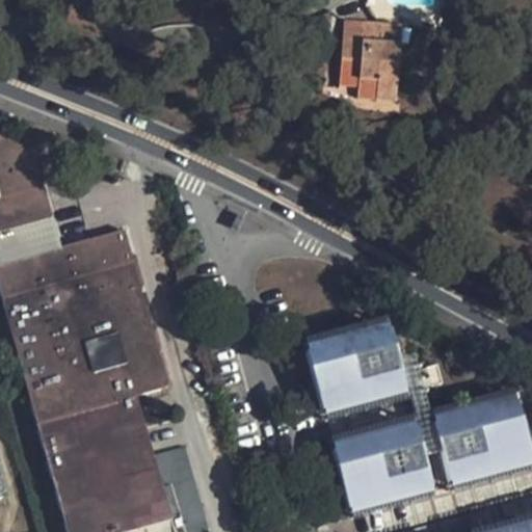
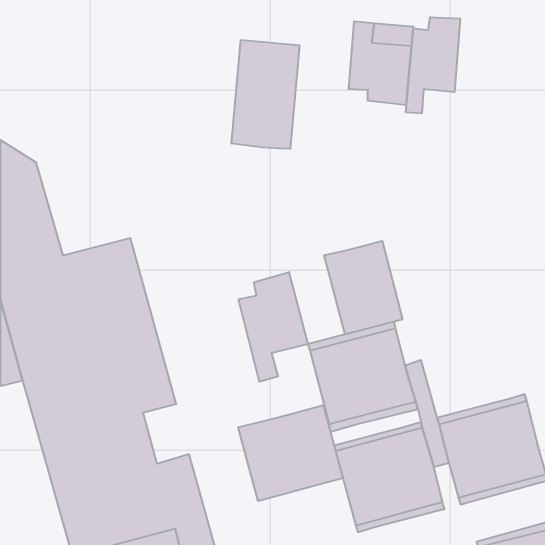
building: none -> [406,17,460,113]
building: none -> [231,40,300,149]
building: none -> [324,241,402,334]
building: none -> [239,272,308,382]
building: none -> [238,405,343,501]

